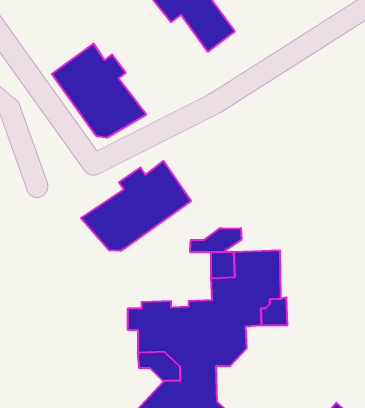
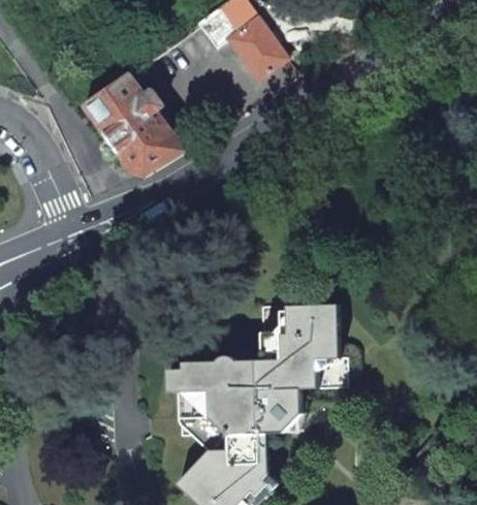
building: [81,161,191,251] -> none
building: [190,228,241,252] -> none

